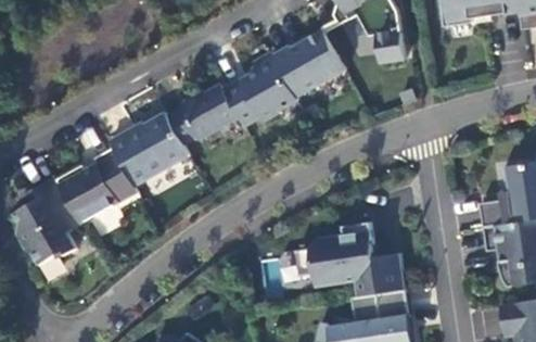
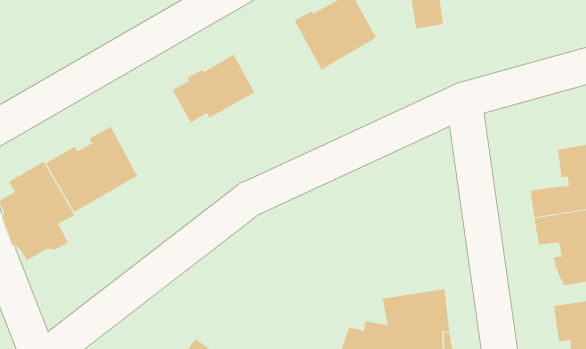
building: [222,51,296,125] -> none
building: [109,112,189,186] -> none
building: [295,223,405,296] -> none

